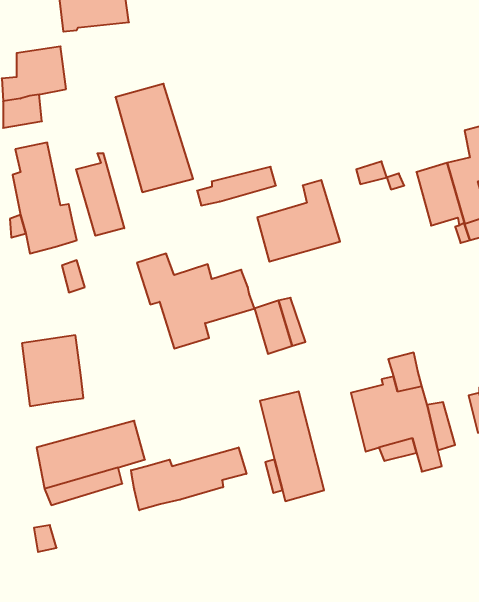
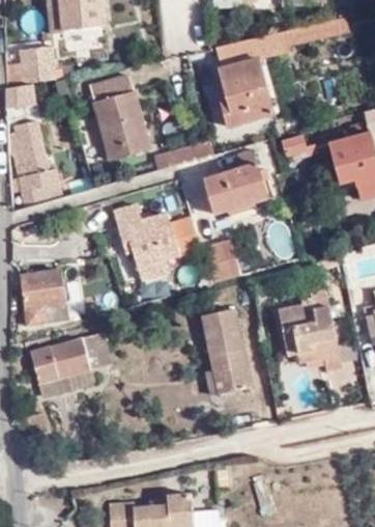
building: none -> [210,17,348,126]
building: [76,153,124,236] -> none
building: [131,447,246,510] -> none

